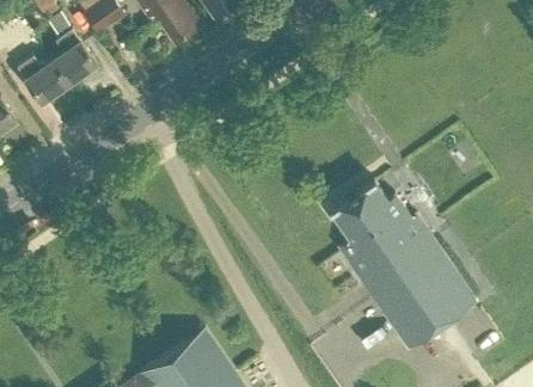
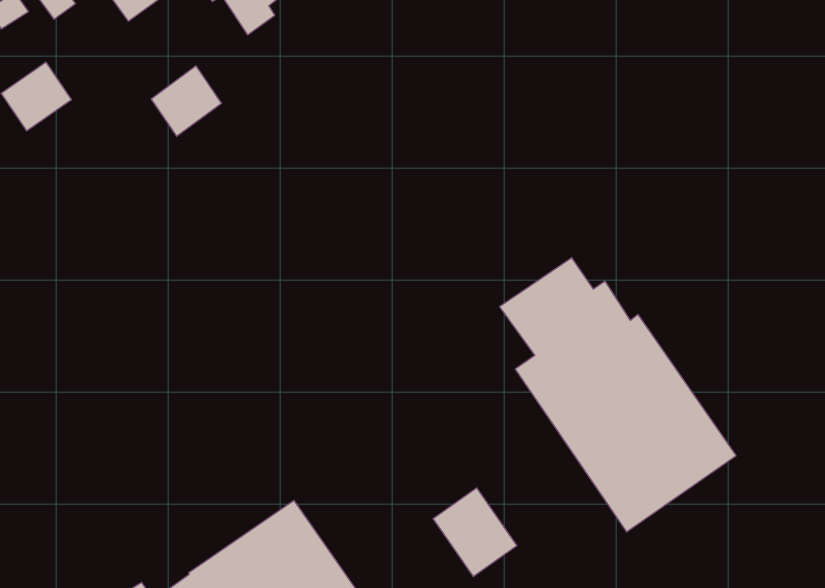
building: [54,42,97,85] -> [151,66,222,136]
building: none -> [433,488,517,577]

